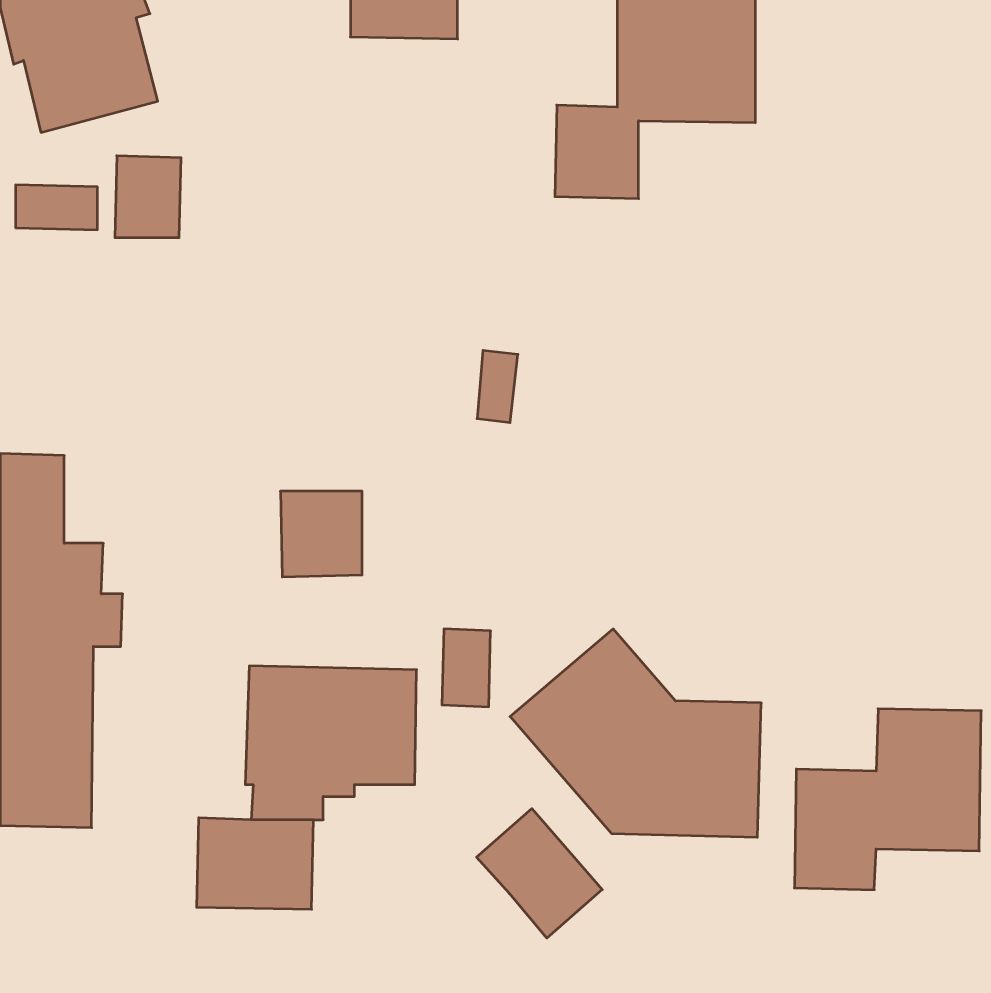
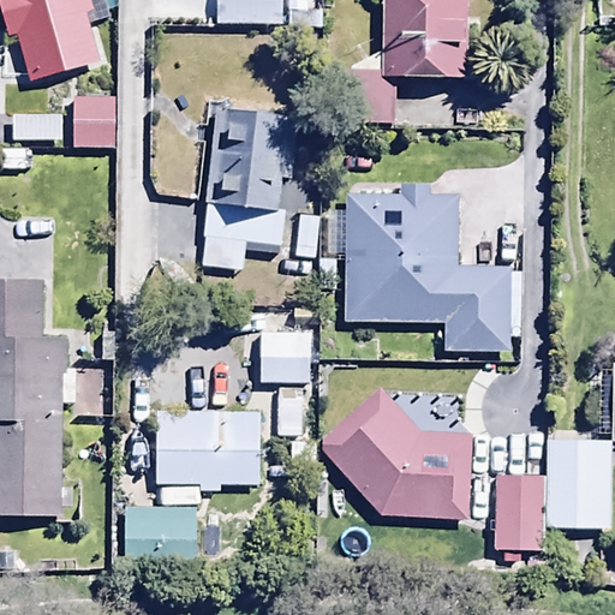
building: none -> [201,107,297,270]
building: none -> [345,183,508,351]
building: [280,491,362,577] -> [259,332,310,384]
building: [477,809,602,938] -> none

